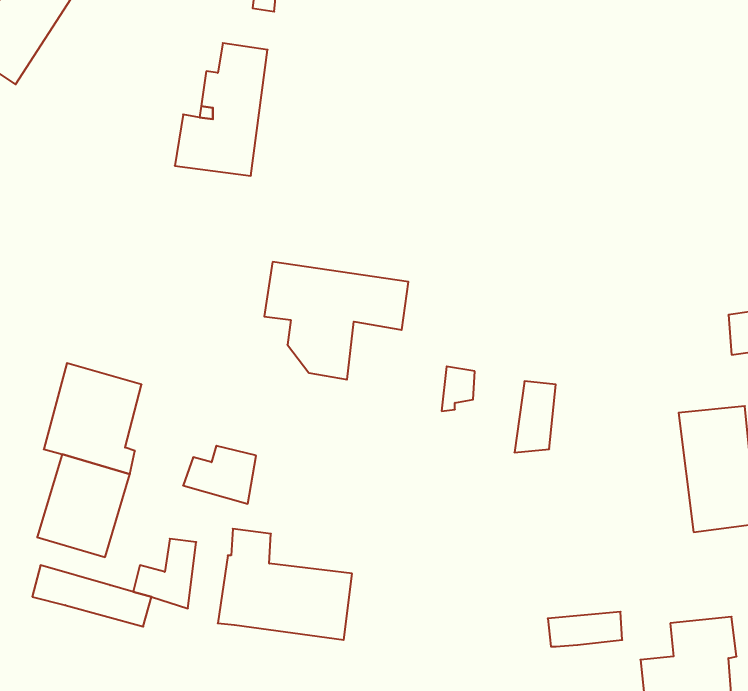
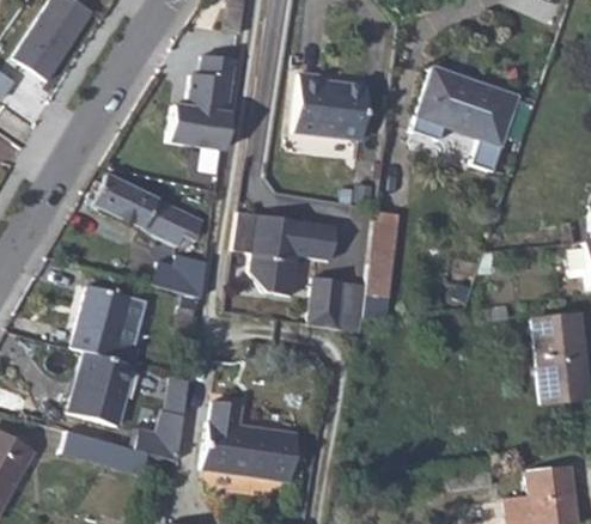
building: none -> [418,63,519,141]
building: none -> [292,71,366,140]
building: none -> [92,175,202,244]
building: none -> [307,278,342,329]
building: [514,381,556,452] -> [367,211,397,262]
building: [183,446,256,504] -> [154,255,207,297]

